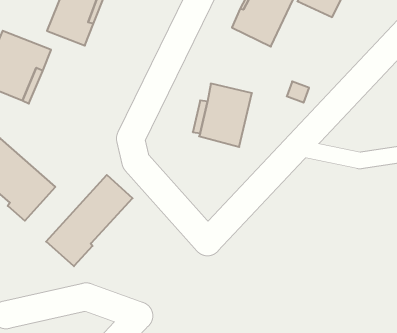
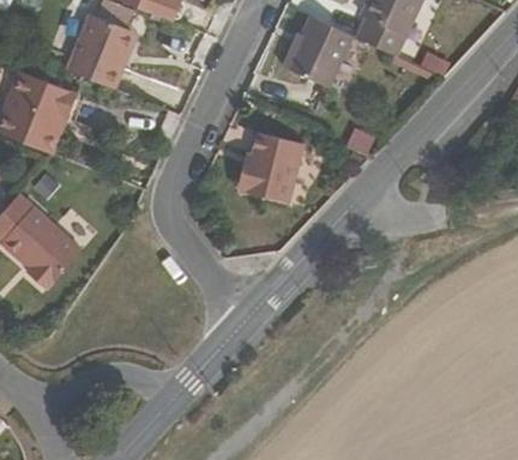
building: [46,175,133,266] -> none

